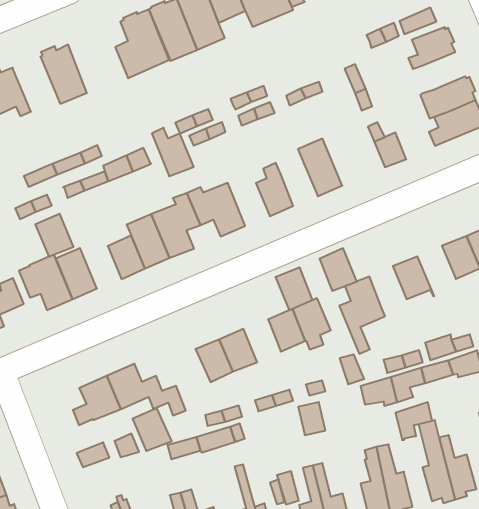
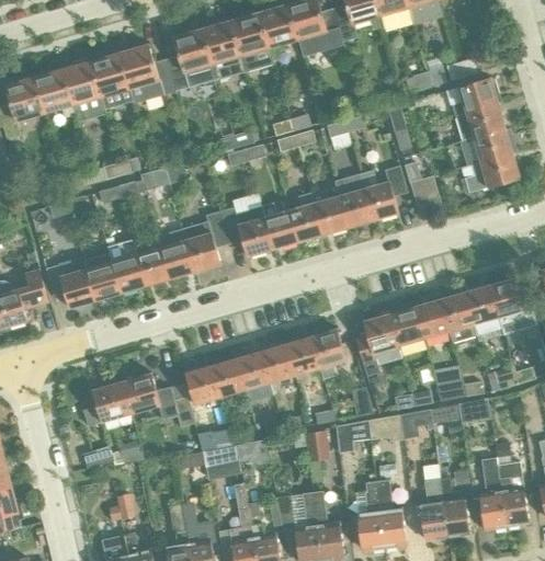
building: none -> [120,43,174,104]
building: none -> [455,103,506,140]
building: none -> [63,58,105,122]
building: none -> [359,165,407,221]
building: [152,128,194,176] -> [261,202,298,250]
building: none -> [310,191,348,236]
building: [35,214,74,256] -> [111,254,146,295]
building: none -> [439,291,474,340]
building: [320,248,357,291] -> [389,306,423,346]
building: [275,268,313,310] -> [260,344,294,385]
building: [396,402,432,440] -> [336,420,371,454]
building: [132,408,172,451] -> [185,365,222,405]

